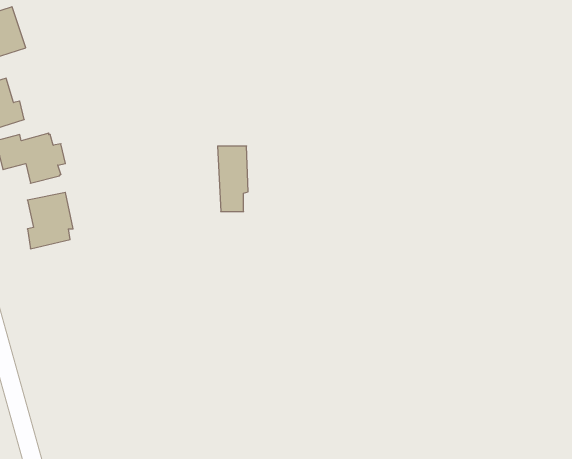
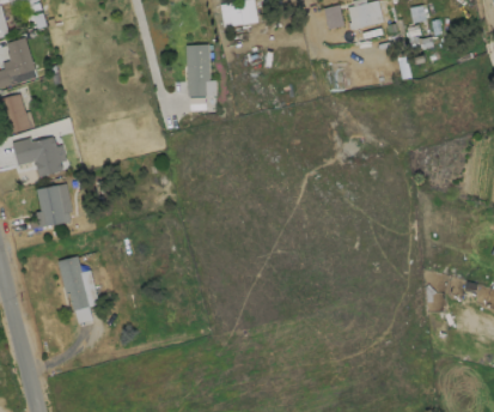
building: [218,146,248,212] -> [187,46,211,97]
building: none -> [57,257,91,311]

